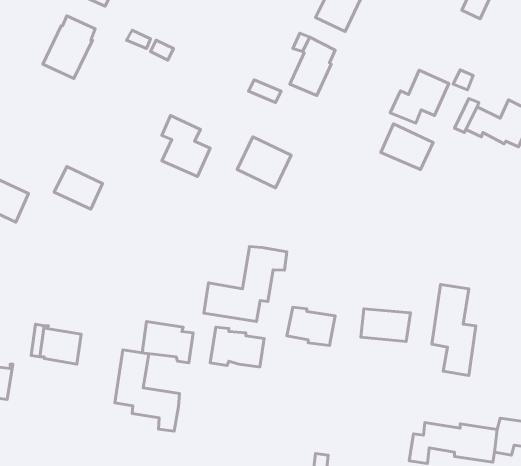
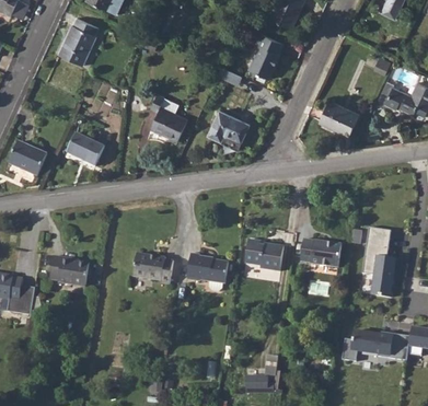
building: [390,70,449,123] -> none
building: [204,247,287,322] -> none
building: [115,350,179,431] -> none

